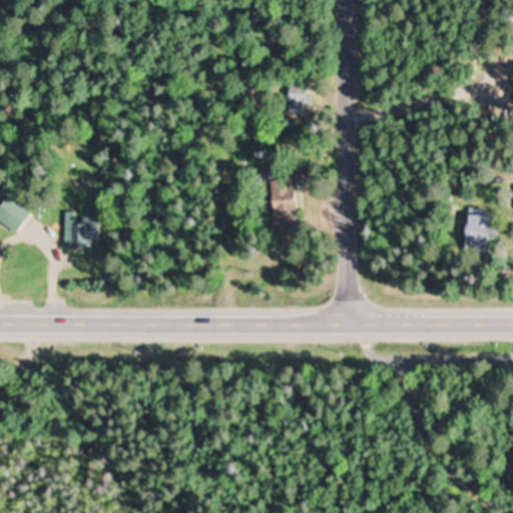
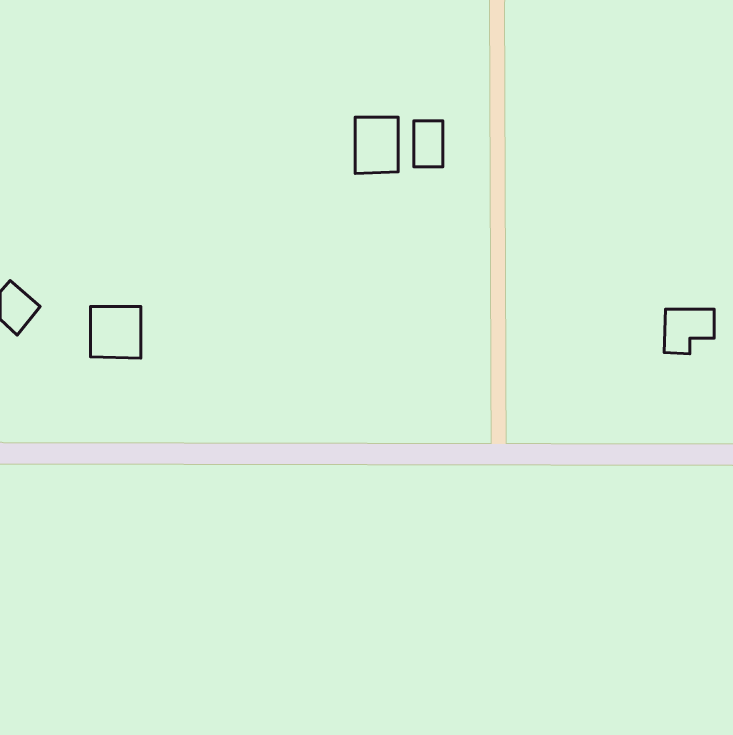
building: none -> [355,117,398,173]
building: [273,179,295,220] -> none

